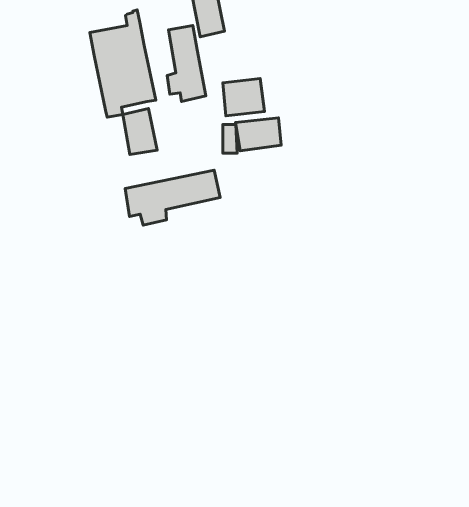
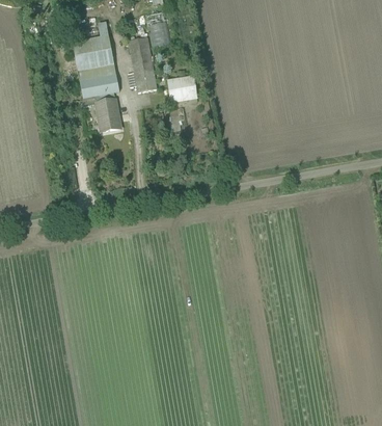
building: [236,118,281,151] -> none
building: [125,170,220,225] -> none

